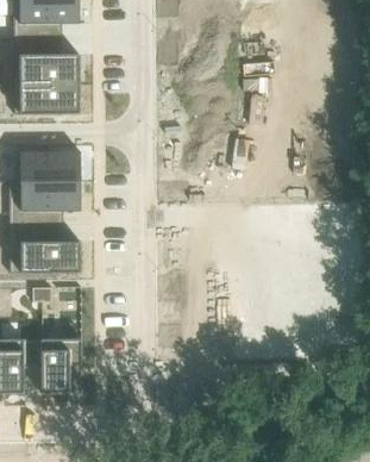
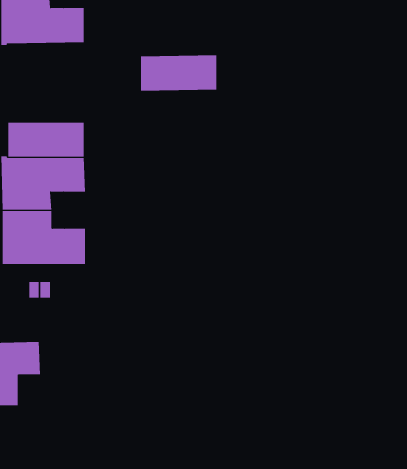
building: [13,83,79,114] -> [140,55,217,91]
building: [40,338,81,393] -> none

